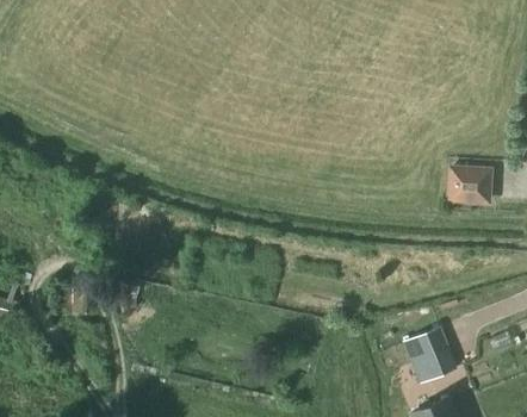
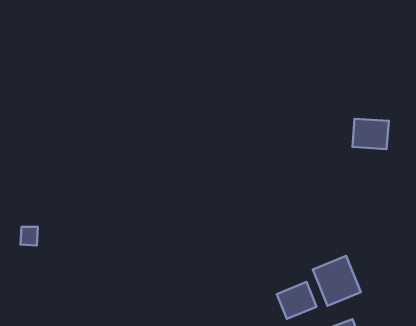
building: none -> [277,282,317,319]

